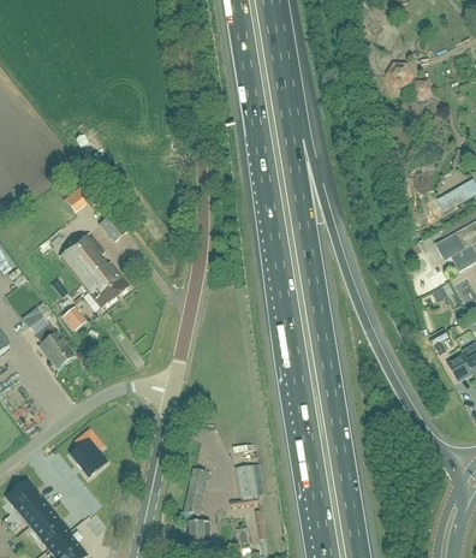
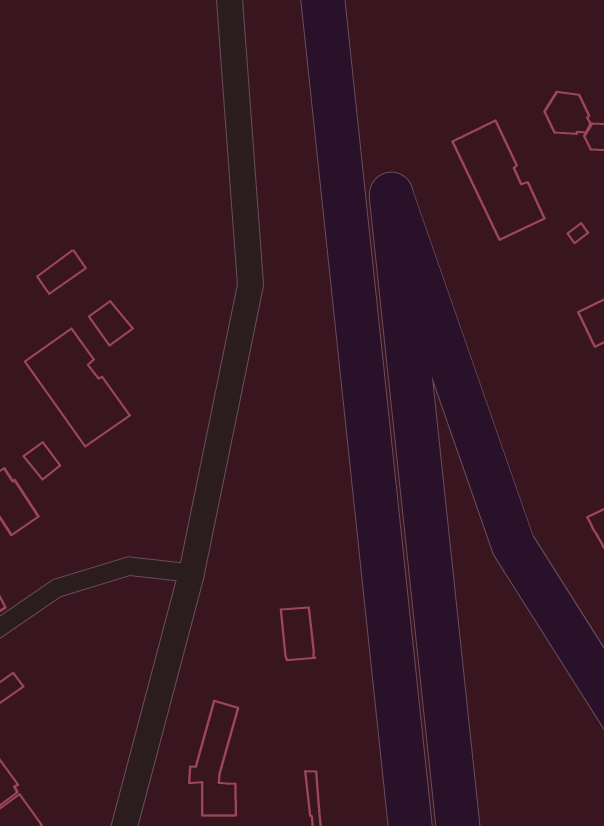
building: none -> [453,121,545,240]
building: [70,429,107,476] -> none
building: [236,464,260,499] -> [281,607,315,660]

